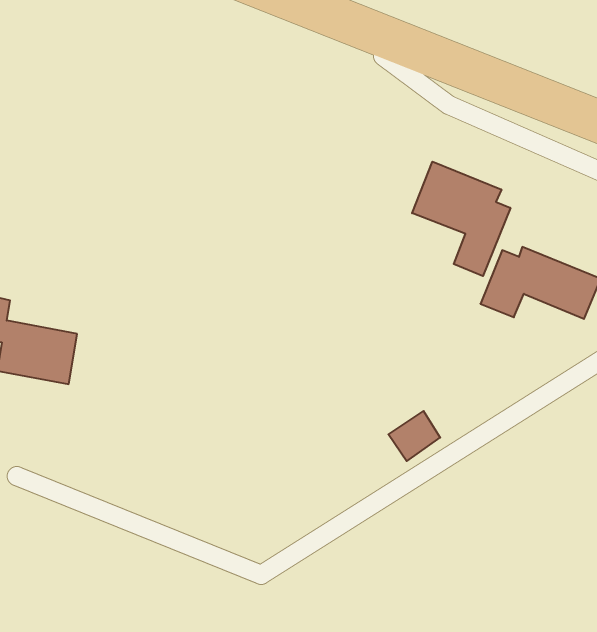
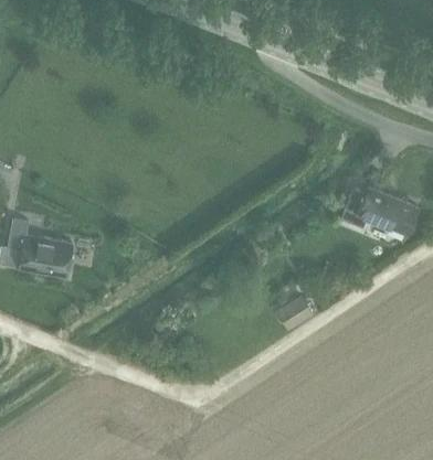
building: [412,162,510,276] -> none

